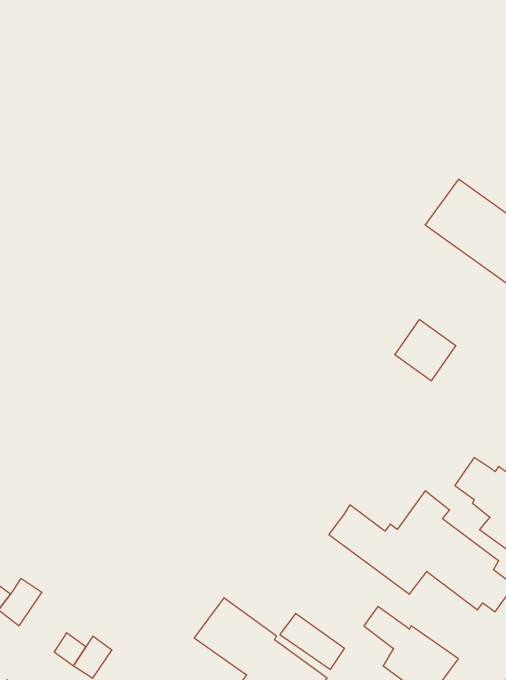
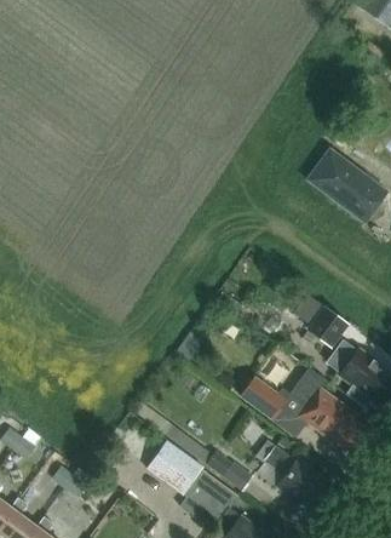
building: [395,319,456,381] -> [304,304,346,347]

